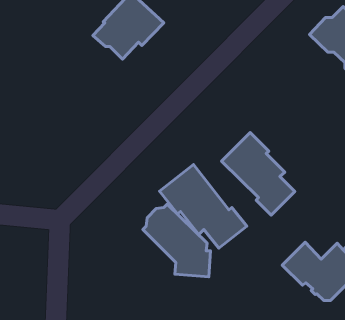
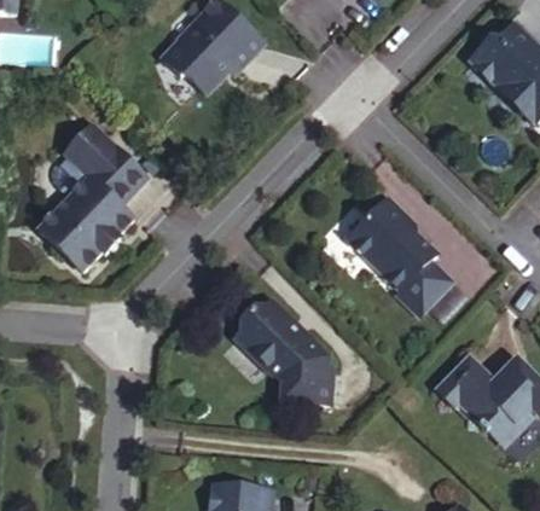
building: none -> [36,126,147,275]
building: [159,164,247,248] -> none

